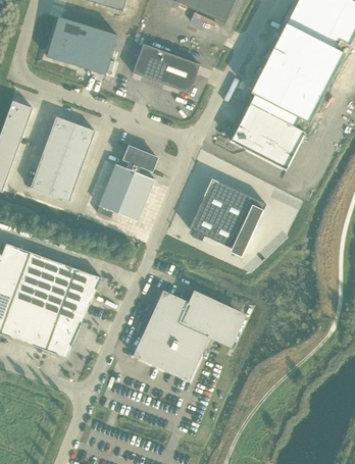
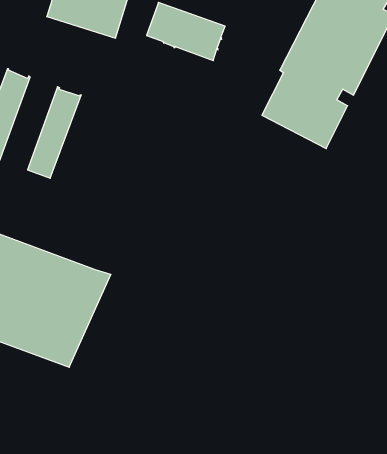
building: [49,123,95,202] -> none
building: [95,145,156,220] -> none
building: [189,178,265,257] -> none
building: [133,290,238,381] -> none

